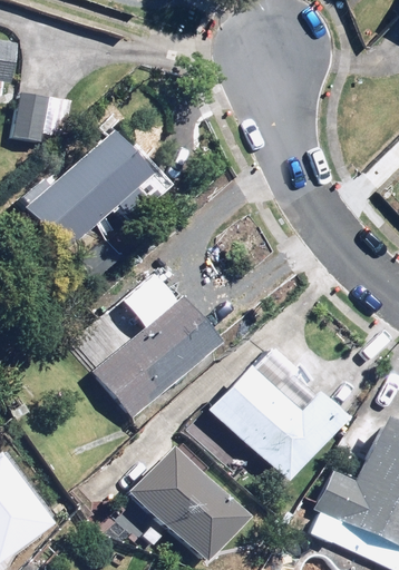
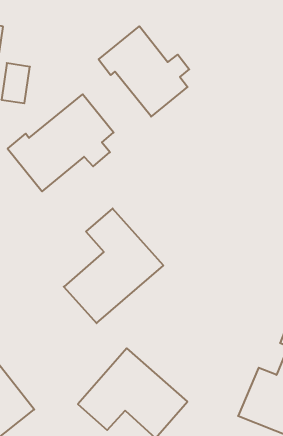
building: none -> [99,26,189,117]
building: [210,364,348,482] -> none

